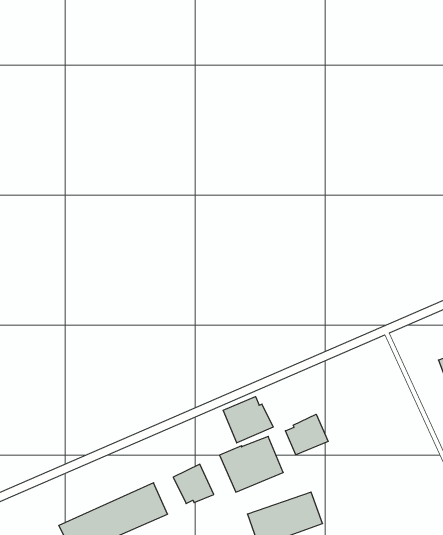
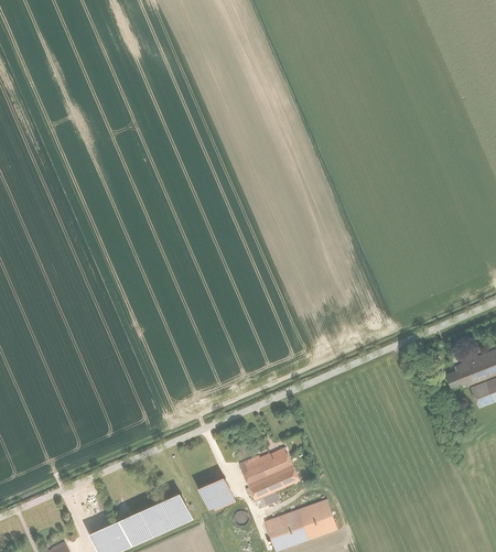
building: [223,397,273,443] -> none
building: [285,414,328,455] -> none

